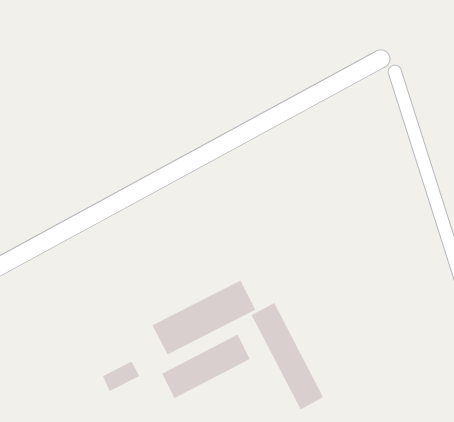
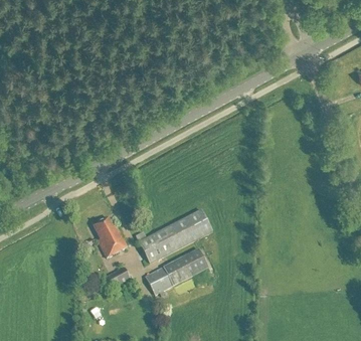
building: none -> [93,216,127,257]
building: [251,302,324,410] -> none

